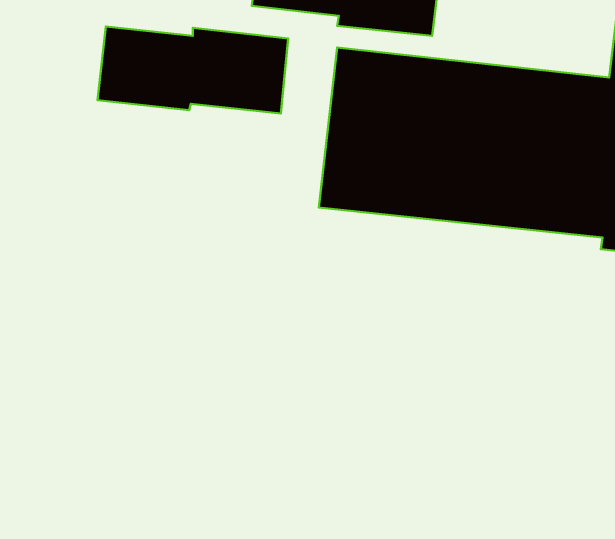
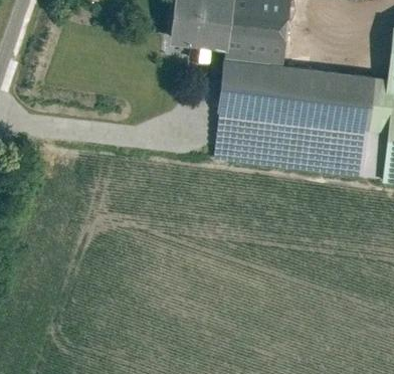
building: [97,27,288,114] -> none

